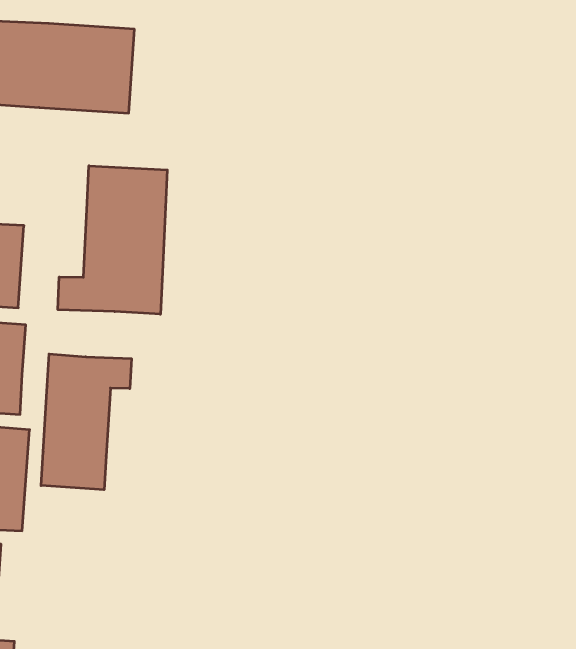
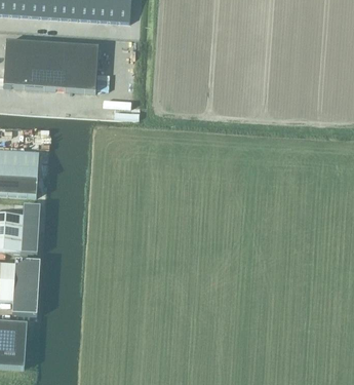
building: [58,166,167,314] -> none
building: [41,354,131,490] -> none

